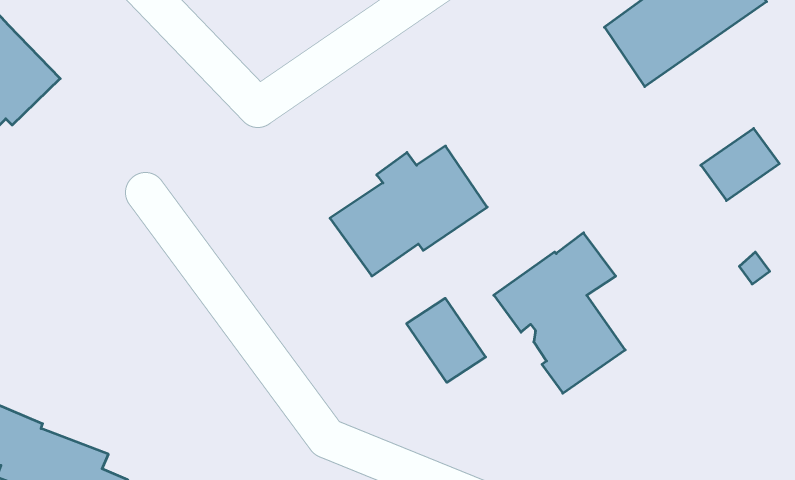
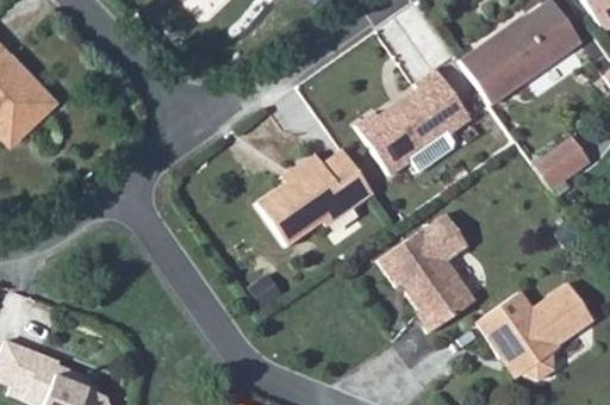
building: none -> [355,69,471,175]
building: [407,298,486,382] -> none
building: none -> [475,284,593,380]

